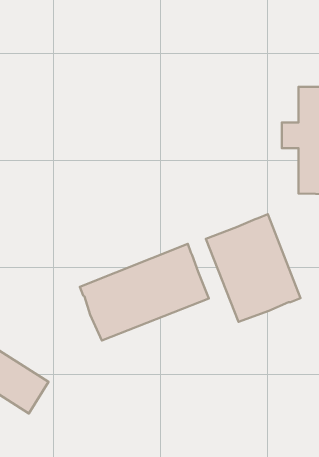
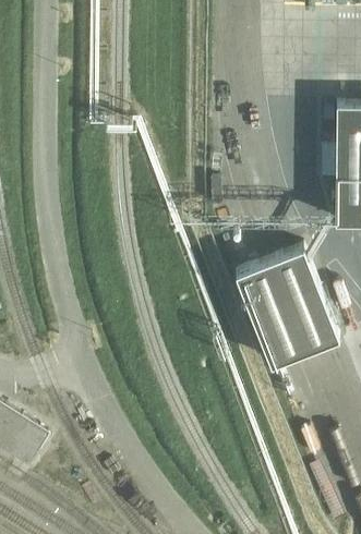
building: [80,244,209,341] -> none

